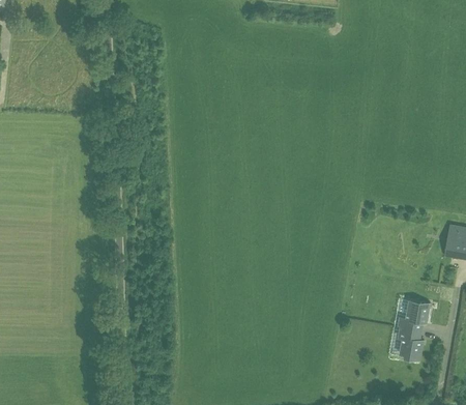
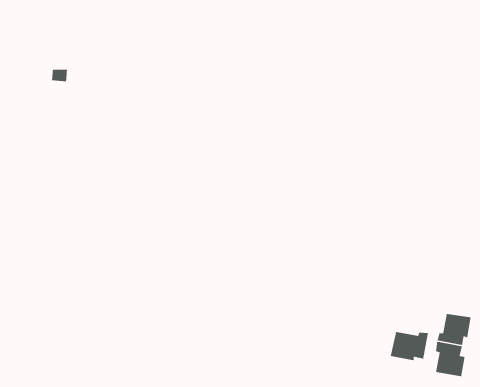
building: none -> [390,331,429,361]

